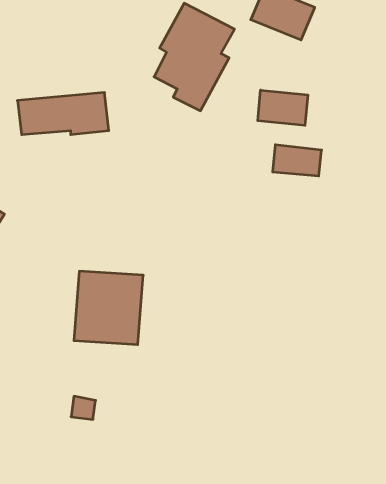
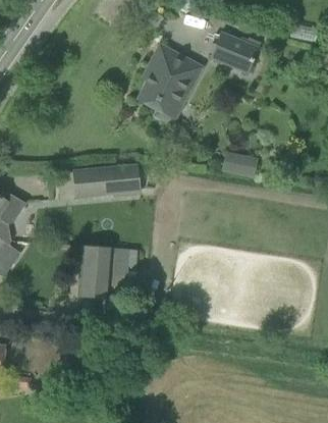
building: [258,90,308,125] -> none
building: [17,93,109,135] -> [74,165,143,197]

